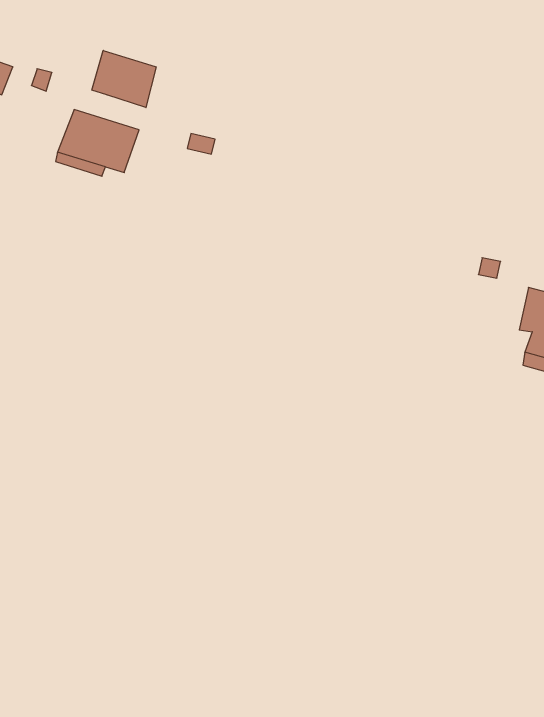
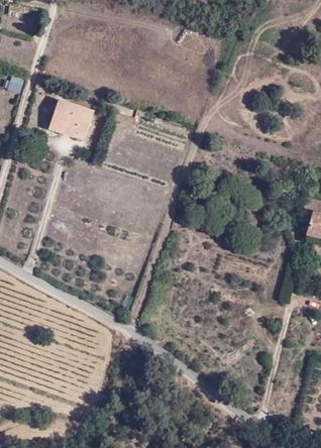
building: [92,50,156,108] -> none

